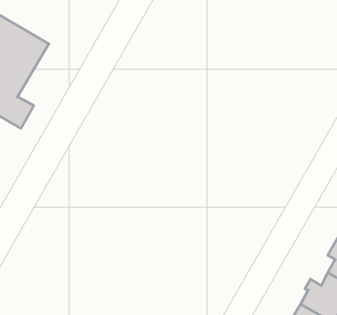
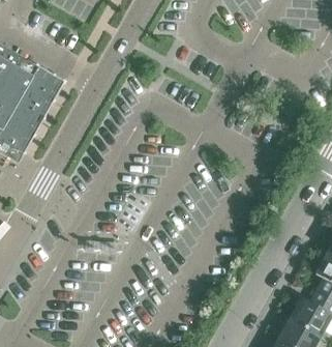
building: none -> [18,74,62,133]

